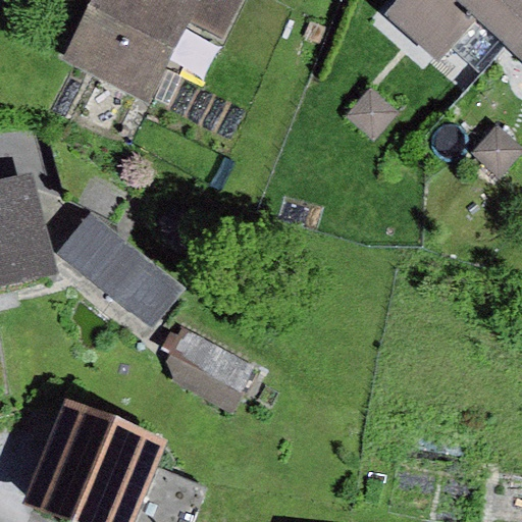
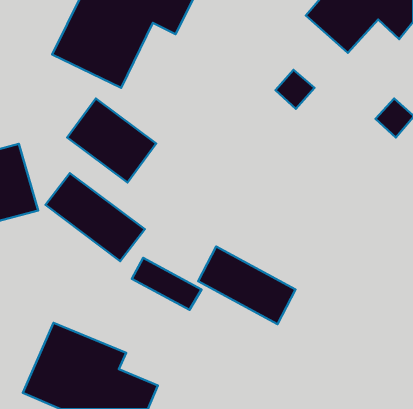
building: none -> [67,98,156,183]
building: none -> [198,247,296,324]

